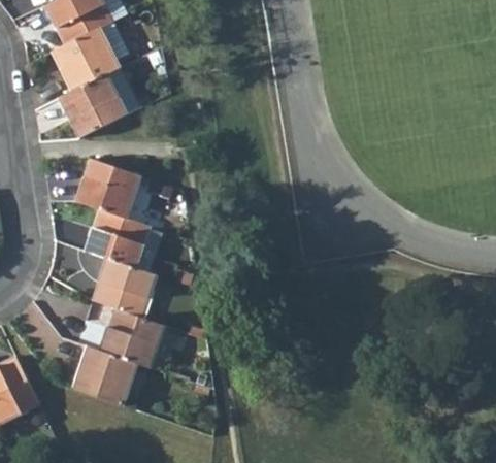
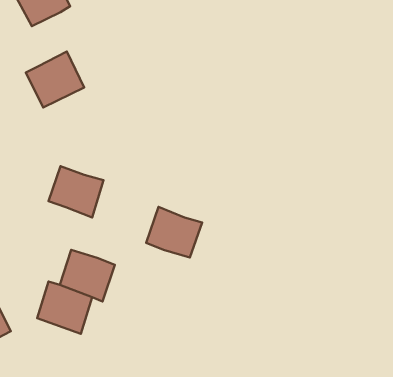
building: [53,27,120,91] -> none
building: [76,158,141,219] -> none
building: [91,257,157,317] -> [146,207,202,258]

